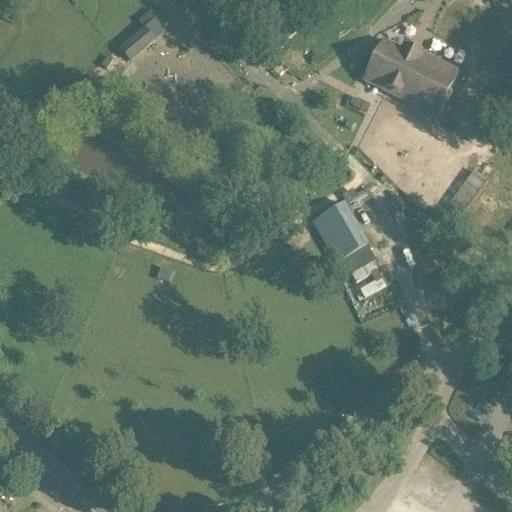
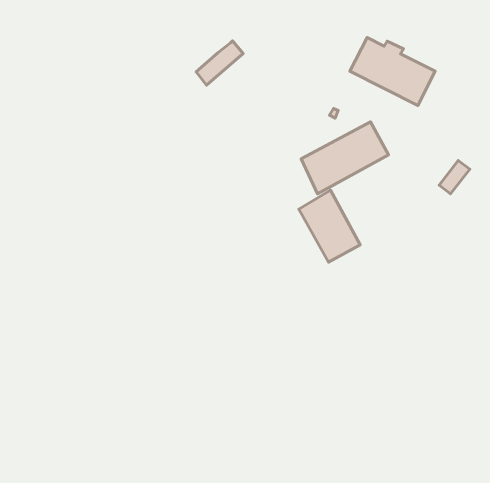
building: [120,10,169,56] -> [196,41,243,85]
building: none -> [301,122,389,194]

